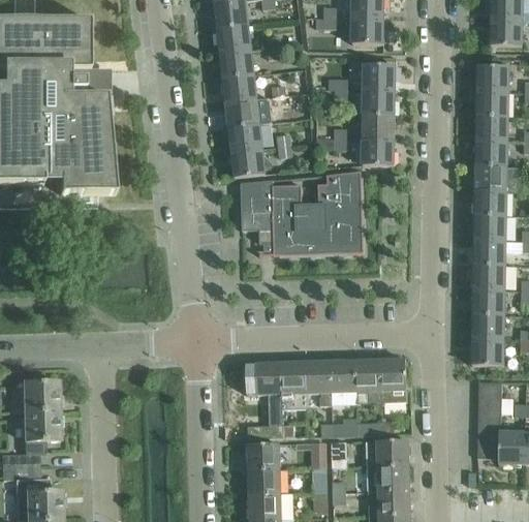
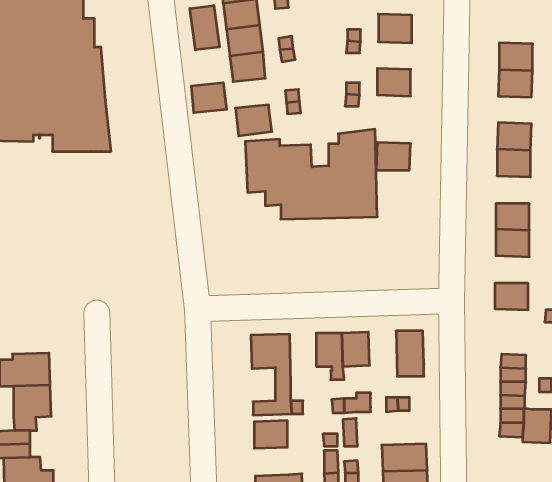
building: none -> [190,5,219,50]
building: [476,65,508,91] -> none
building: [363,89,395,115] -> none
building: [228,123,261,151] -> [191,83,227,113]
building: [362,139,394,164] -> [376,142,411,170]
building: [475,140,506,165] -> none
building: [473,214,505,240] -> none
building: [472,288,504,314] -> none
building: [471,338,503,365] -> none
building: [354,359,381,402] -> none
building: [281,361,307,408] -> none
building: [366,439,408,465] -> none
building: [248,467,280,494] -> none

